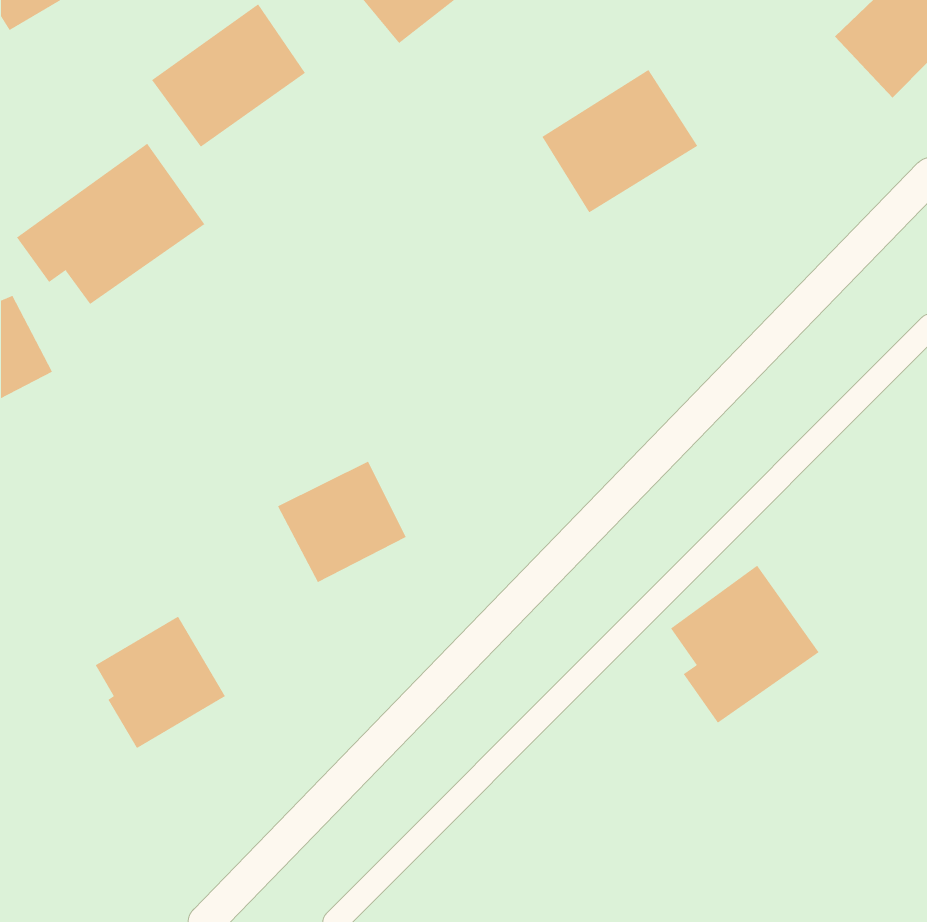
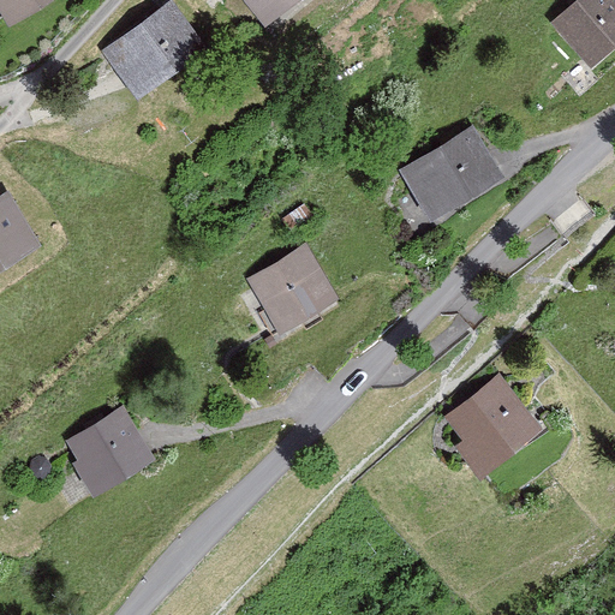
building: [542,69,698,213] -> [399,126,502,221]
building: [16,143,205,305] -> none
building: [277,461,407,583] -> [247,245,333,326]

